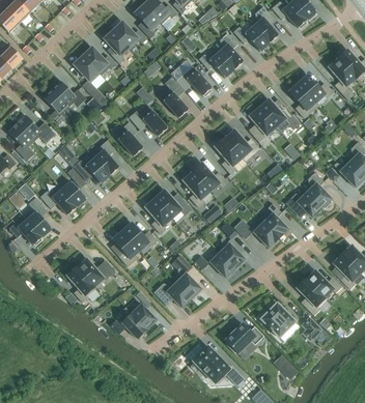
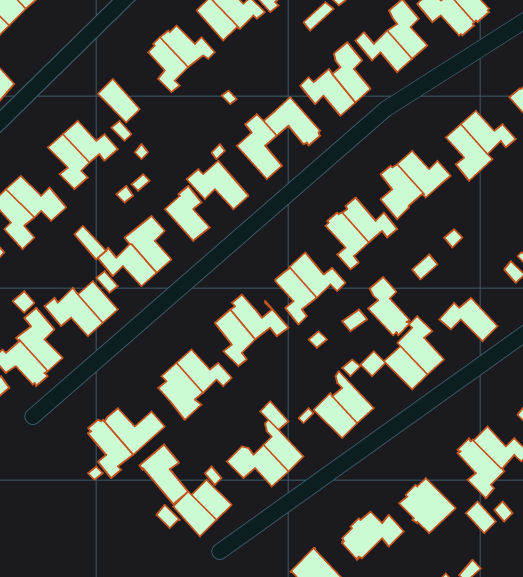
building: [83,47,116,75] -> none
building: [306,172,332,208] -> [368,277,410,335]
building: none -> [139,444,188,504]

